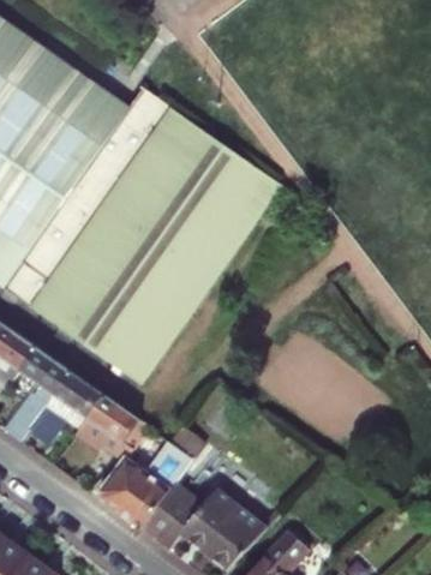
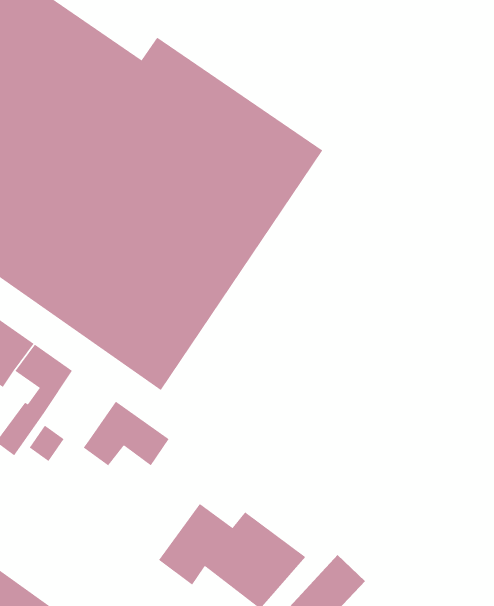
building: [43,369,103,430] -> none
building: [98,442,192,528] -> none

